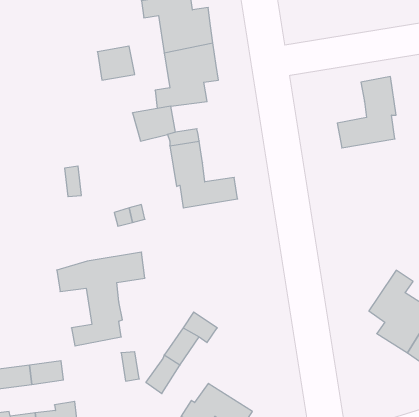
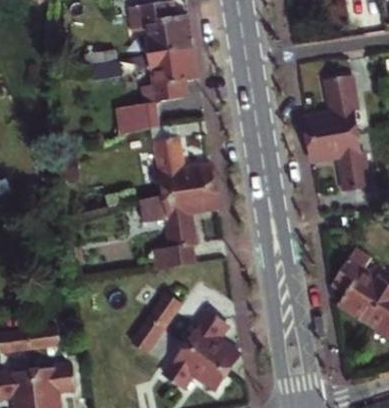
building: none -> [307,130,367,188]
building: [57,252,145,346] -> [139,183,218,267]
building: none -> [188,312,240,372]

